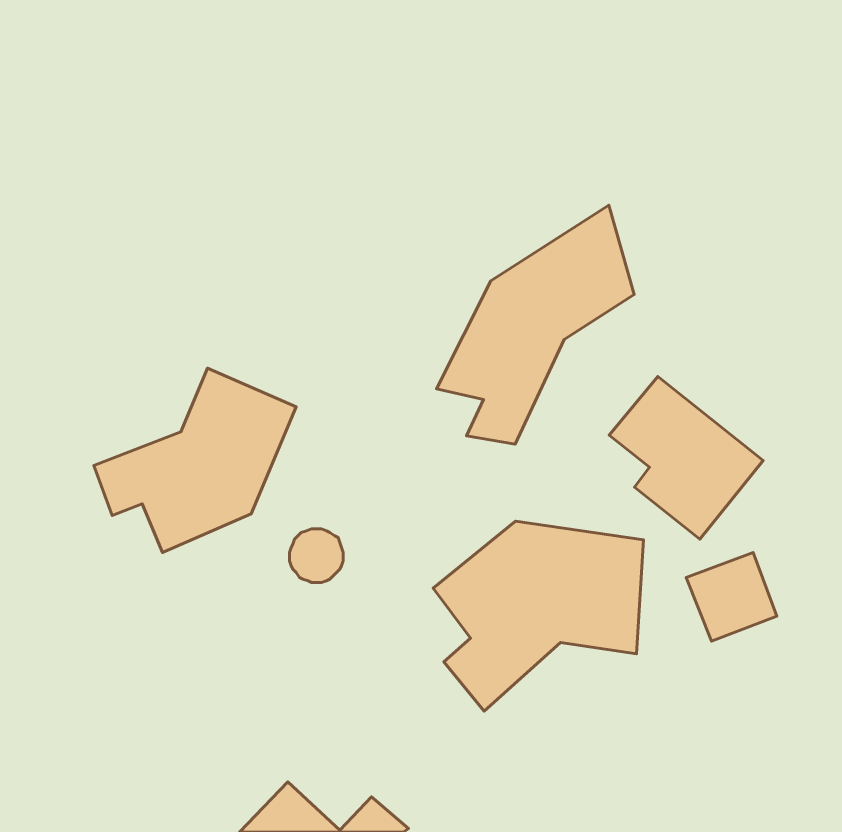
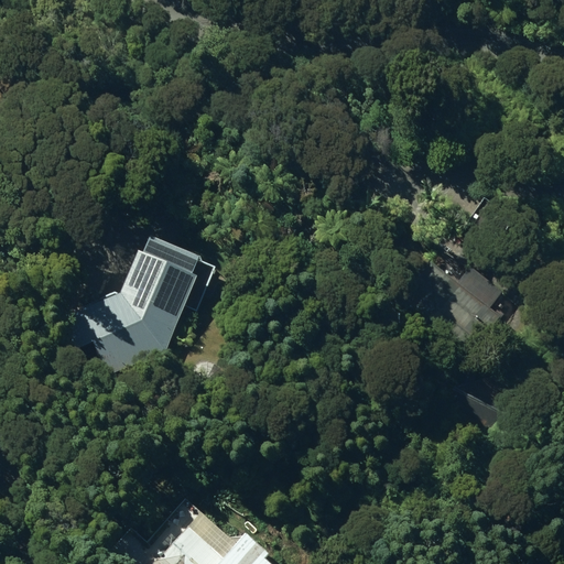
building: [437,205,634,444] -> none
building: [433,521,643,711] -> none

